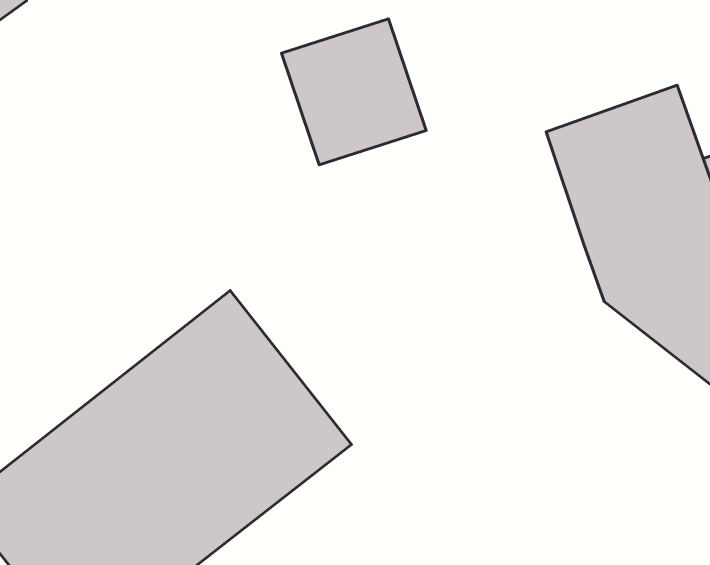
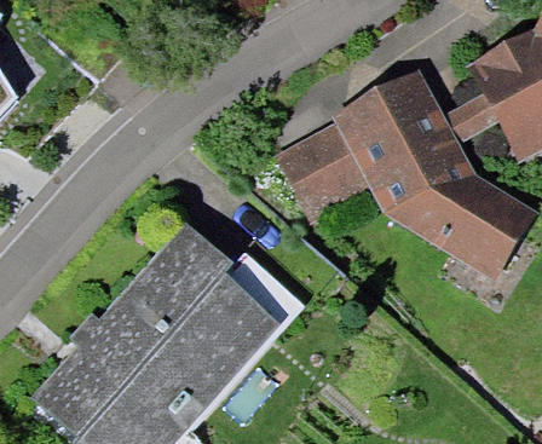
building: [282,19,426,165] -> [283,117,377,212]

